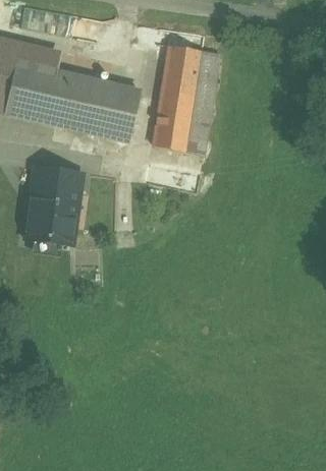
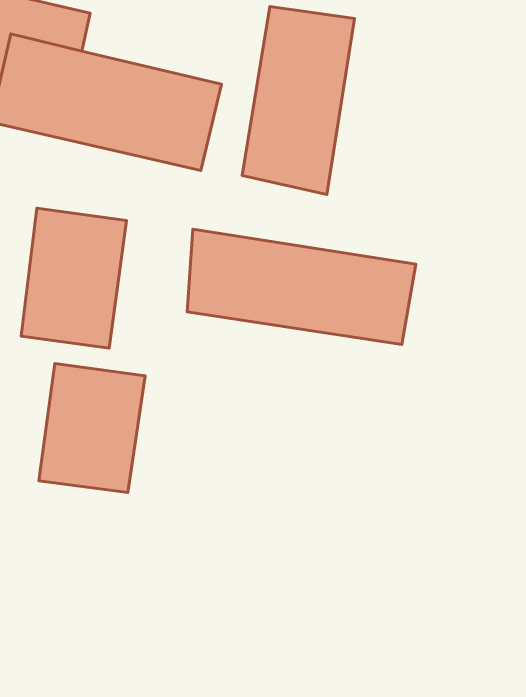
building: none -> [187,229,416,344]
building: none -> [39,363,145,493]

